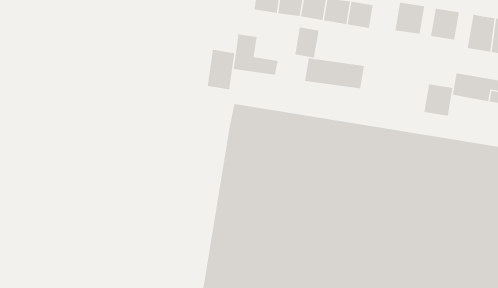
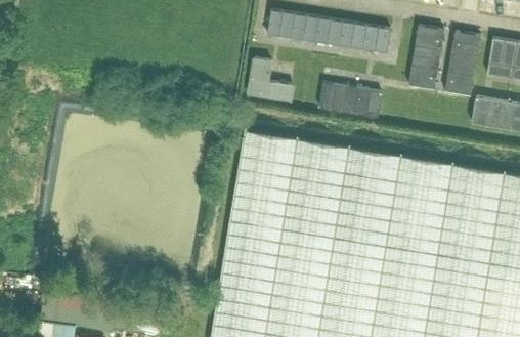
building: [294,27,319,58] -> none
building: none -> [407,54,439,89]
building: [207,49,235,90] -> none
building: [424,84,453,116] -> [444,60,475,94]

